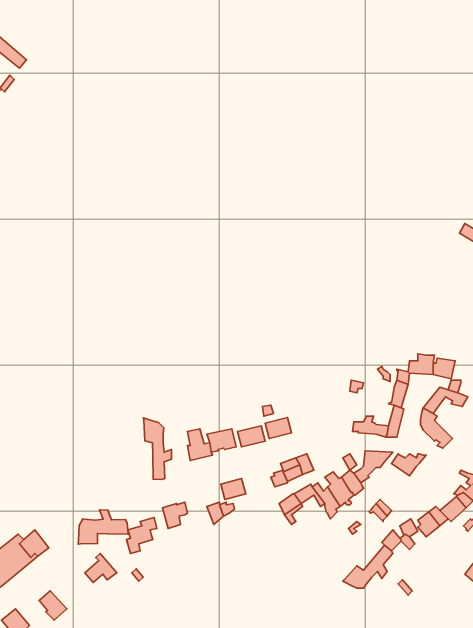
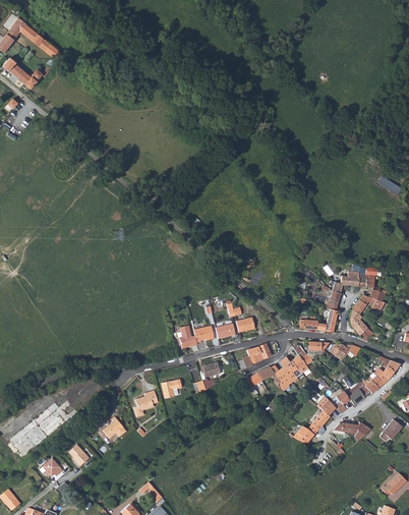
building: [143,418,172,480] -> none
building: [78,510,128,544] -> none
building: none -> [334,420,370,445]

